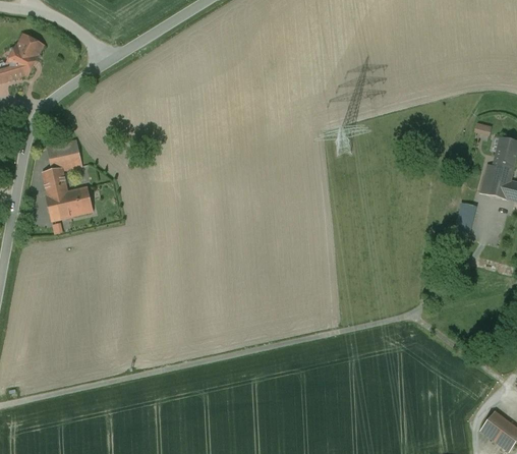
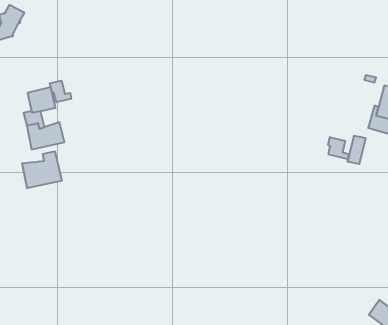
building: none -> [50,81,71,102]
building: none -> [328,137,349,159]
building: none -> [22,151,62,188]

